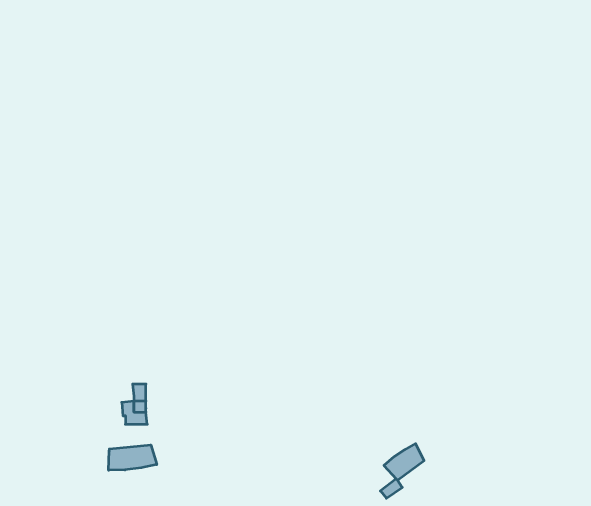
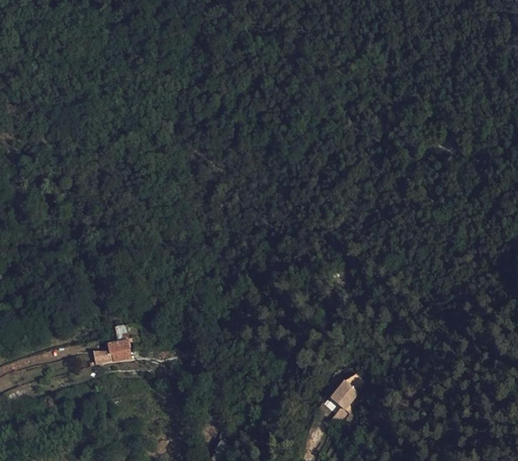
building: [109,445,157,470] -> none

